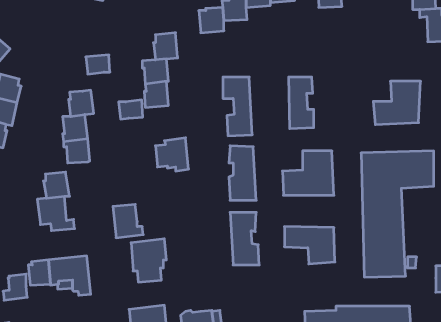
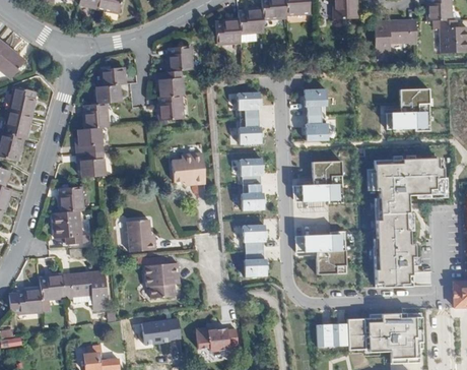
building: none -> [375,19,418,59]
building: [119,100,143,119] -> [94,83,119,103]

